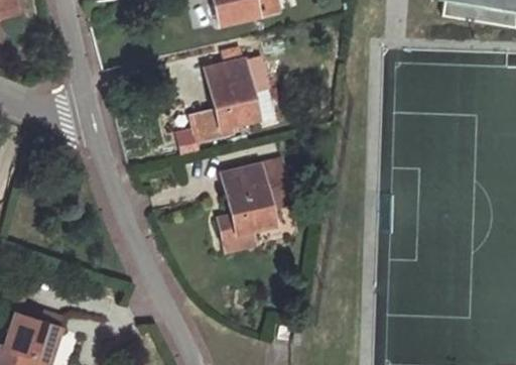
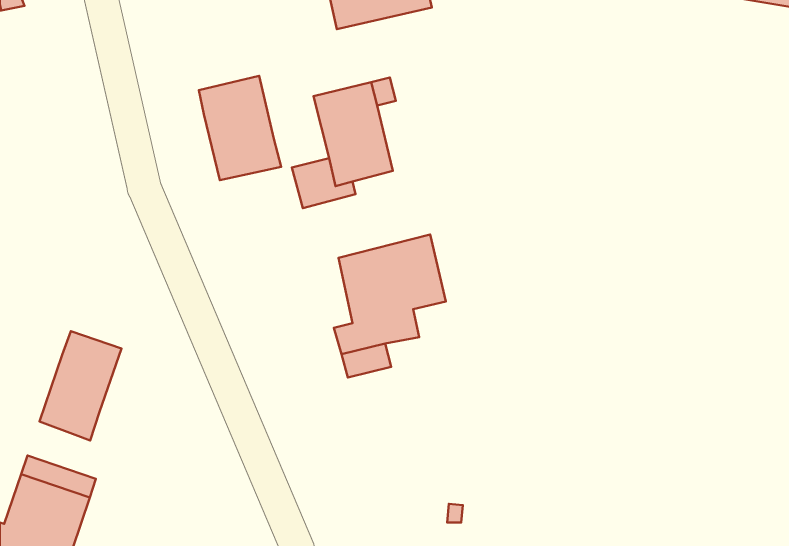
building: none -> [199,76,281,180]
building: none -> [40,331,121,441]

